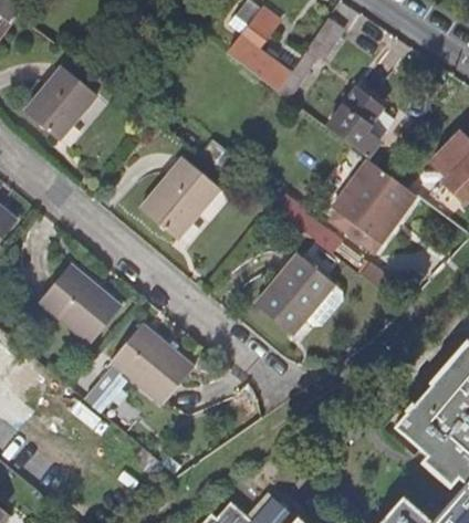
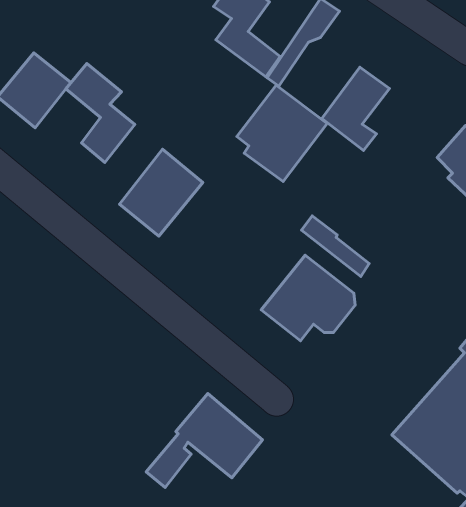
building: none -> [66,63,135,162]
building: [335,161,419,251] -> [237,85,327,182]
building: [50,272,128,349] -> none
building: [94,332,202,419] -> [146,393,263,487]

